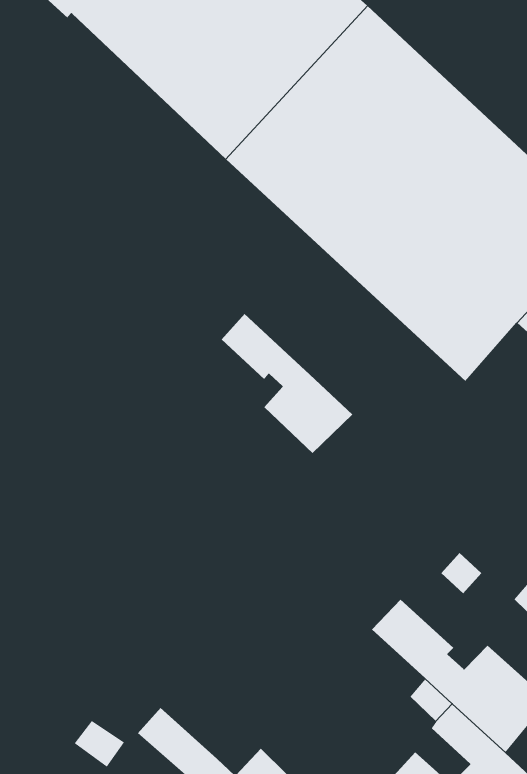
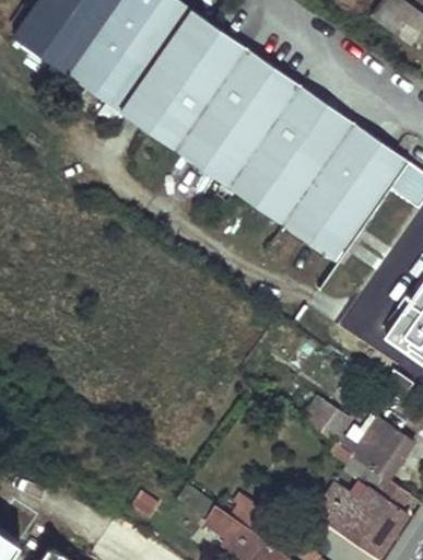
building: [221,313,353,454] -> none

